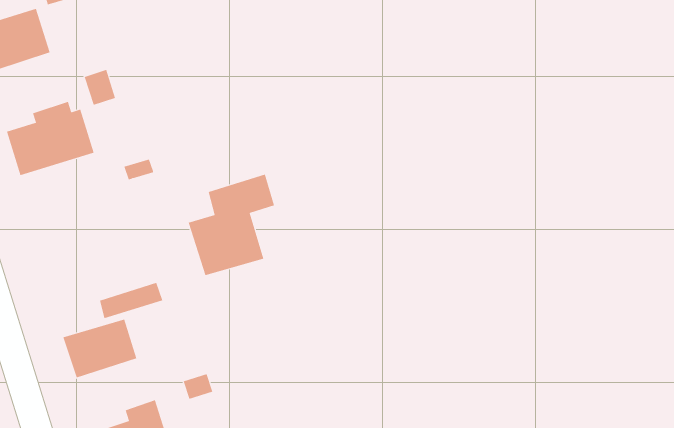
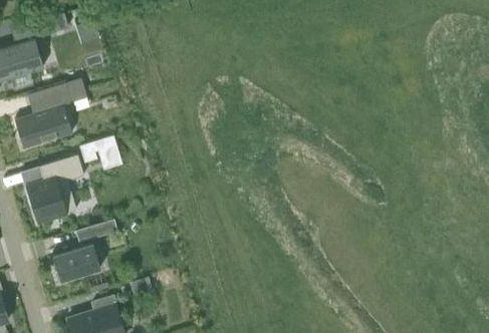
building: [188,174,275,276] -> [26,154,83,222]

